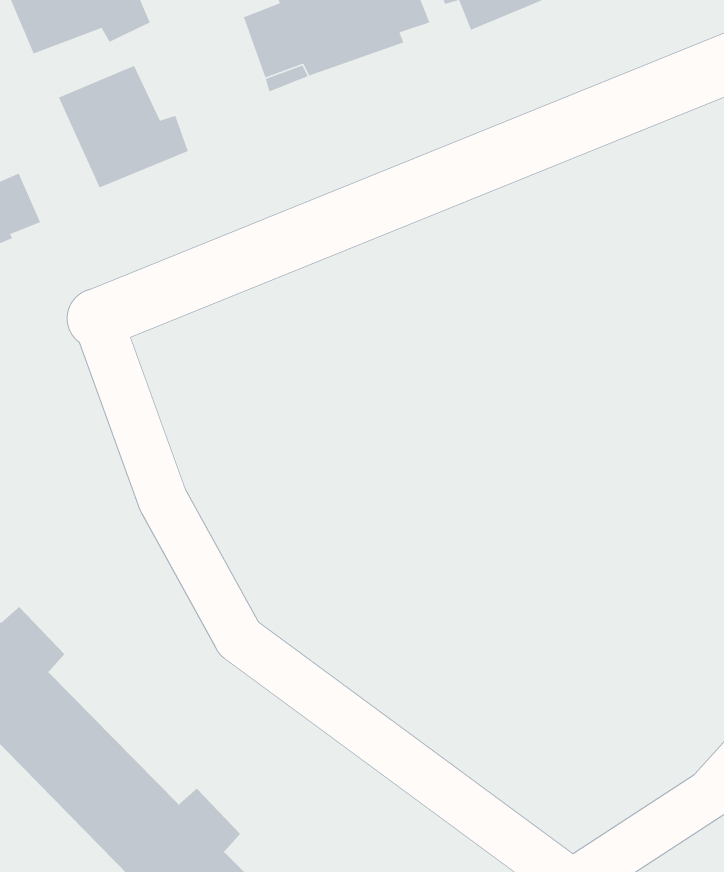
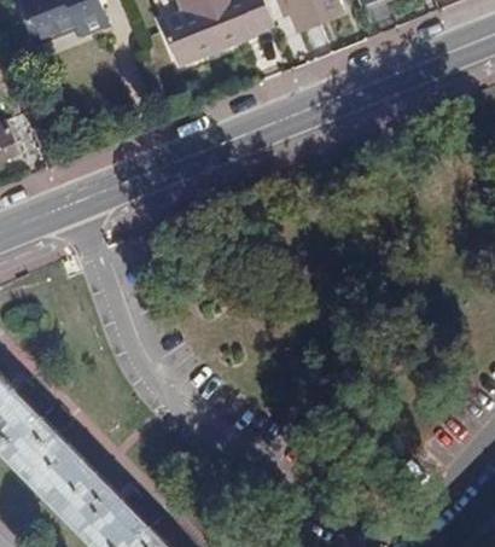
building: [58,65,189,188] -> none

